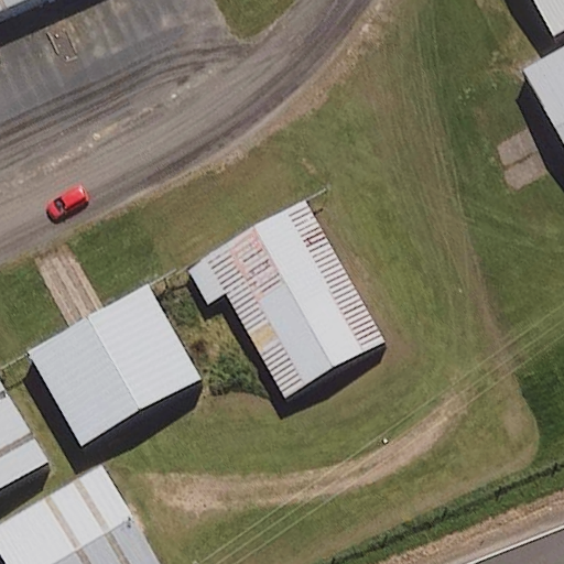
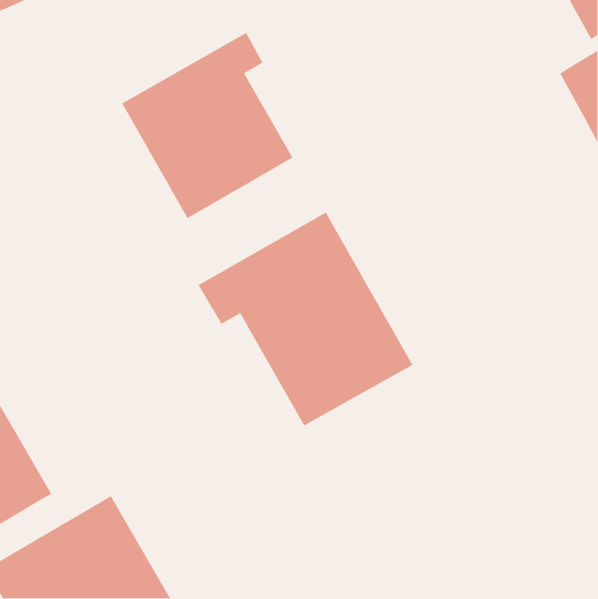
building: none -> [121,32,293,219]
building: [26,282,202,447] -> none

